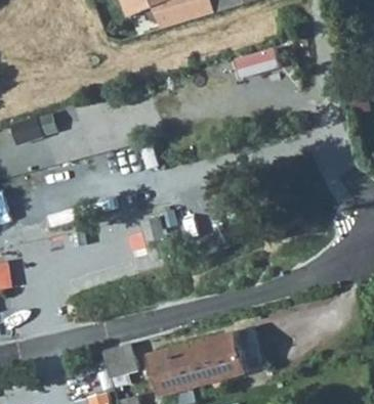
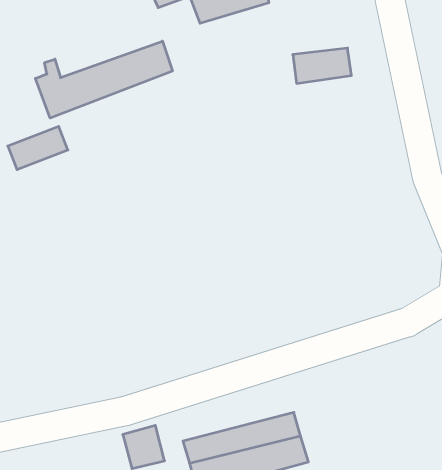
building: none -> [35,41,172,118]

